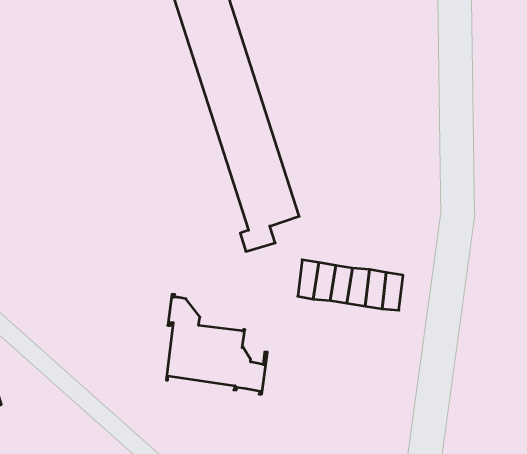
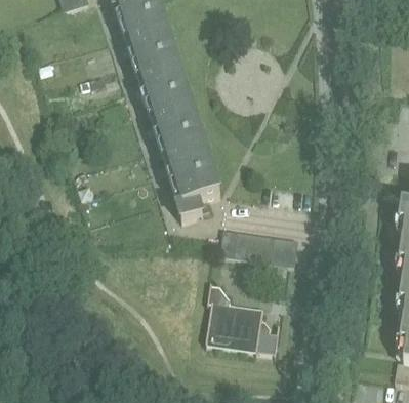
building: [166,294,267,394] -> [206,283,280,356]

